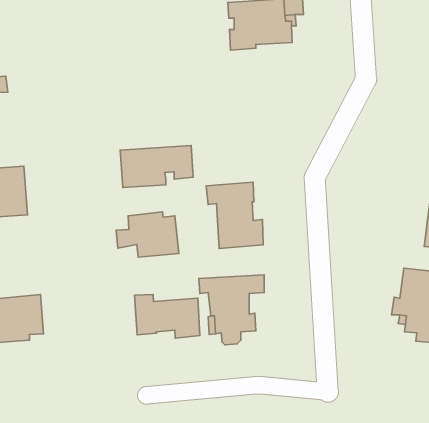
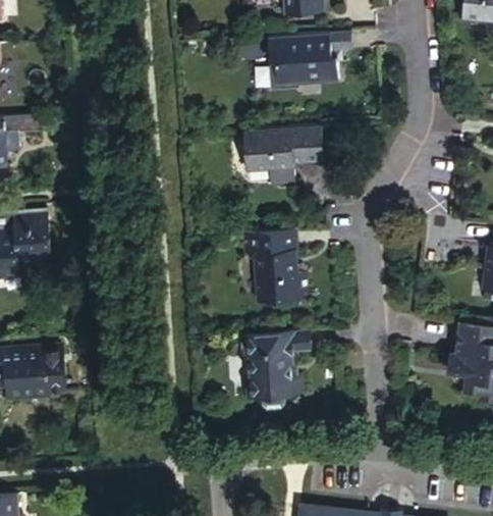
building: [120,146,193,188] -> [247,123,326,169]
building: [116,212,179,257] -> none
building: [135,294,200,338] -> none

